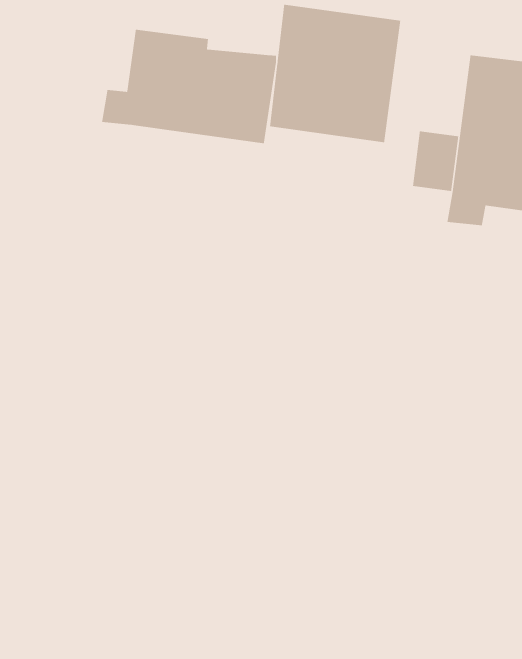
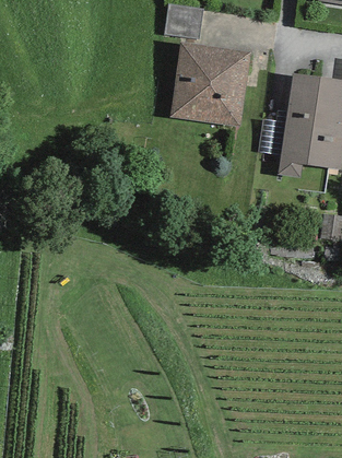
building: [101,29,277,144] -> none

